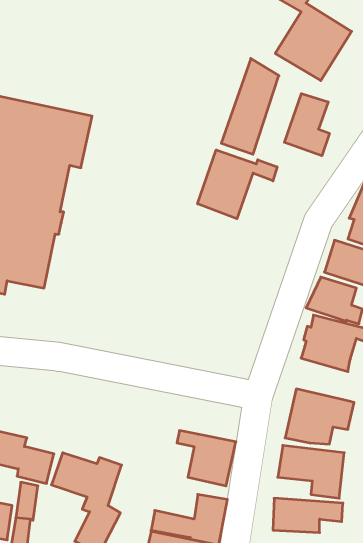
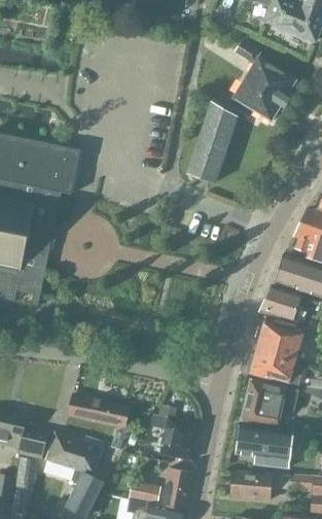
building: [284,94,329,156] -> none
building: [198,150,277,219] -> none
building: none -> [248,353,301,383]
building: none -> [68,393,129,427]

